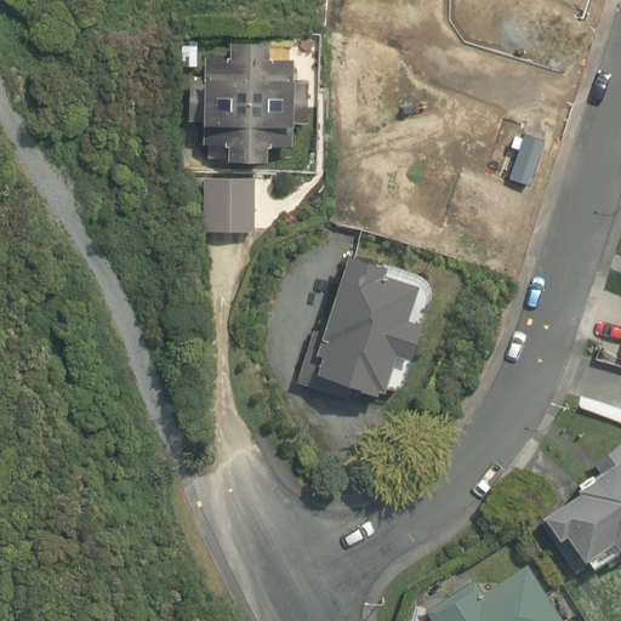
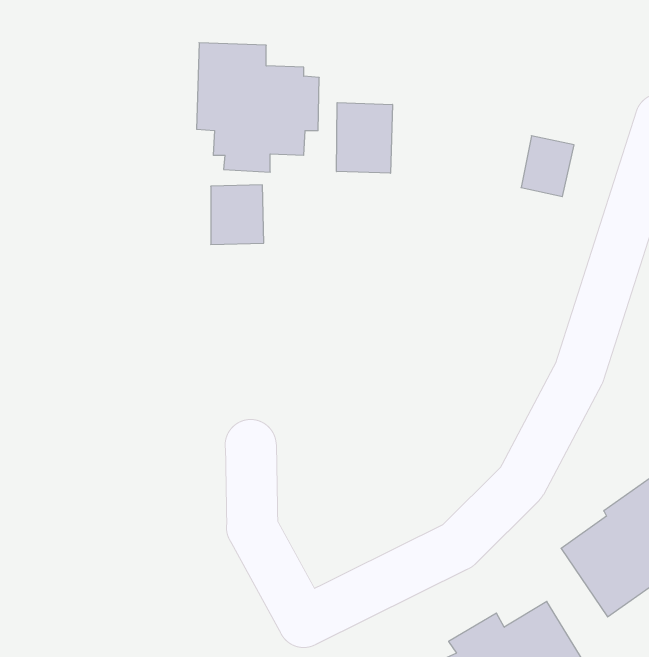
building: none -> [337,103,392,173]
building: [303,256,437,404] -> none

